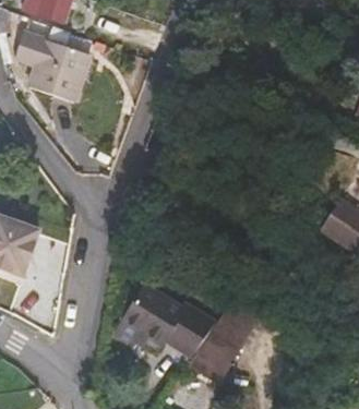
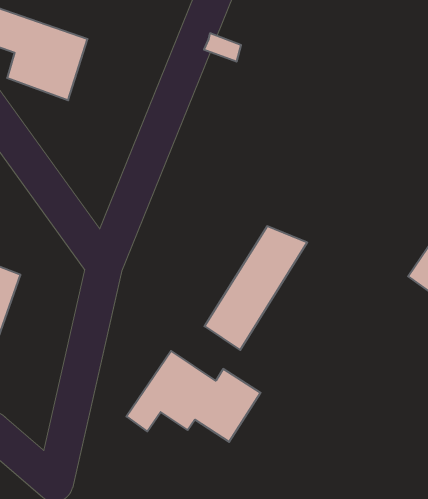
building: [191,291,266,382] -> [204,226,307,350]

